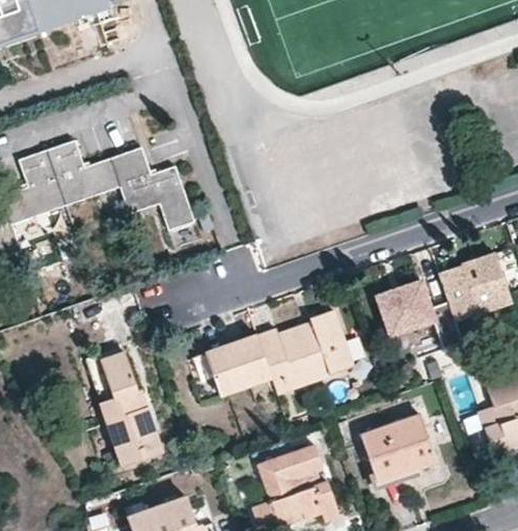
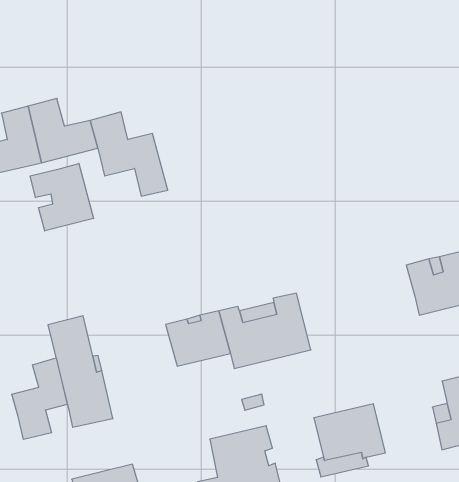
building: none -> [30,163,93,231]
building: [378,281,464,348] -> none
building: none -> [12,358,67,439]

